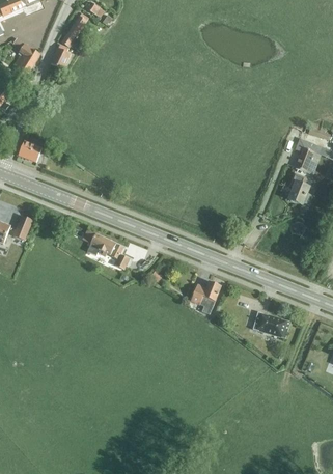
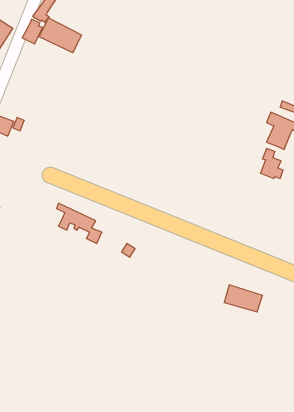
building: none -> [39,18,82,53]
building: [189,281,220,314] -> none

